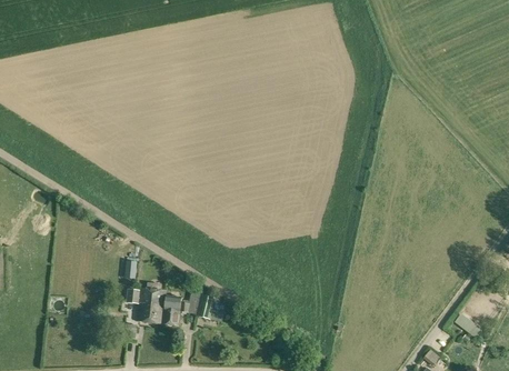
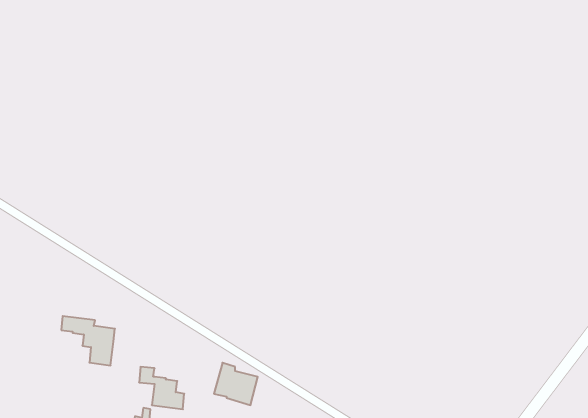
building: [141,288,183,327] -> [61,316,115,365]

